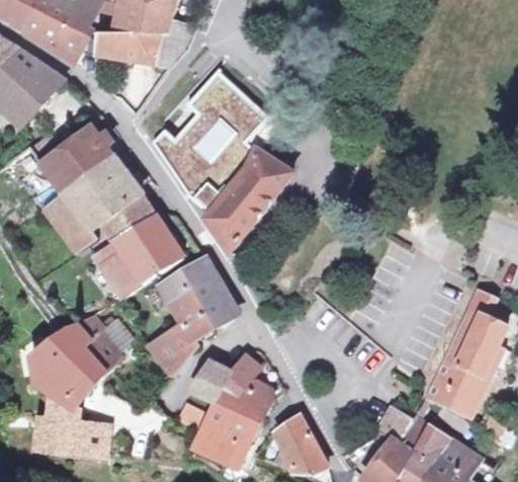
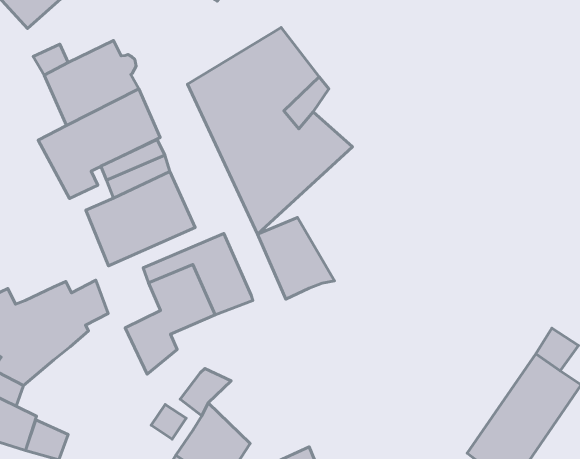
building: none -> [258,217,334,299]
building: [217,352,267,419] -> none

